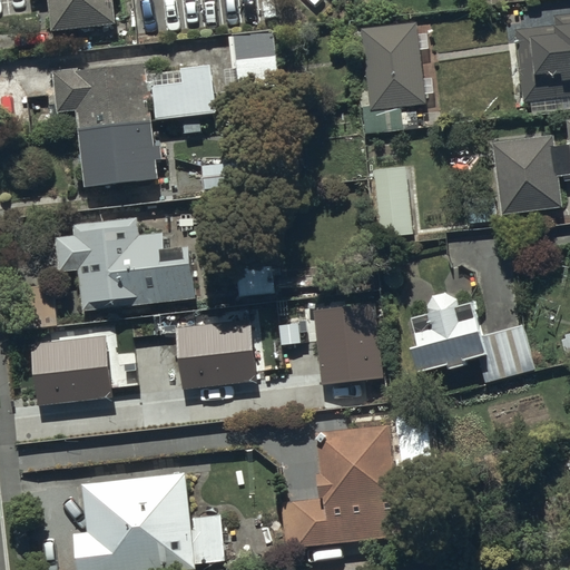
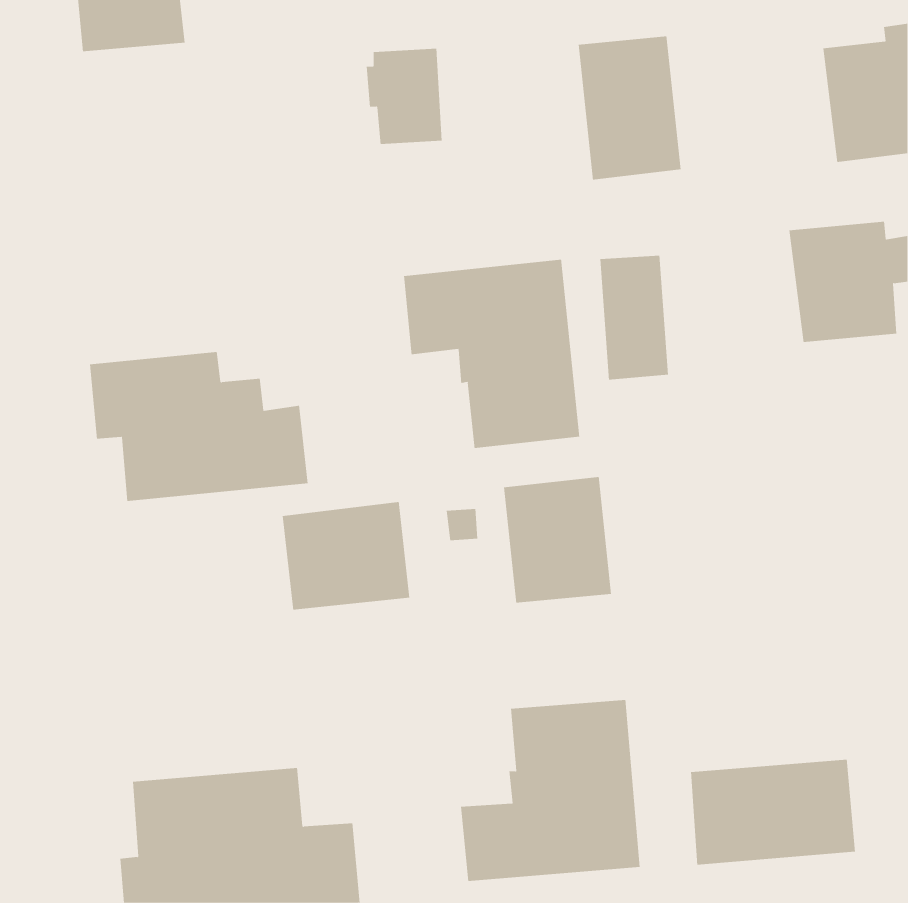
building: [53,65,214,189] -> none
building: none -> [403,259,580,449]
building: [410,294,537,386] -> none
building: [31,328,111,396] -> none
building: none -> [691,759,855,865]

